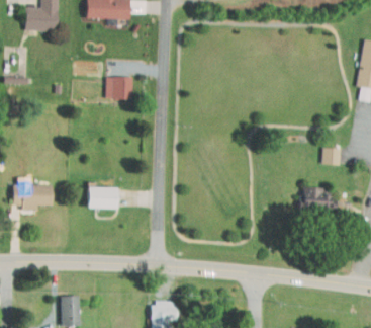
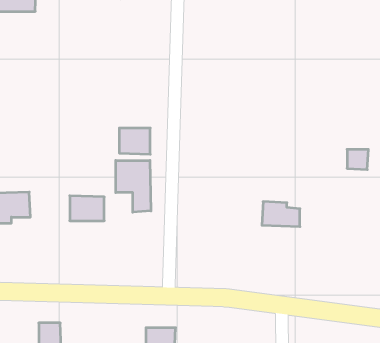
building: [106,77,132,99] -> [119,128,150,154]
building: none -> [116,160,151,212]
building: [303,187,336,209] -> [262,202,300,227]

